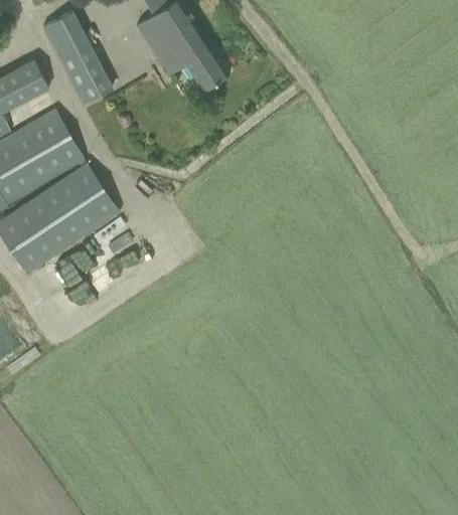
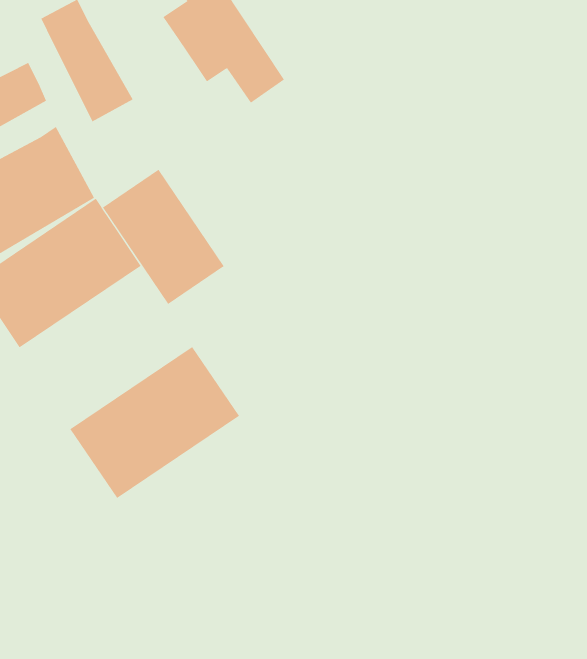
building: none -> [102,169,224,305]
building: none -> [69,346,240,499]

